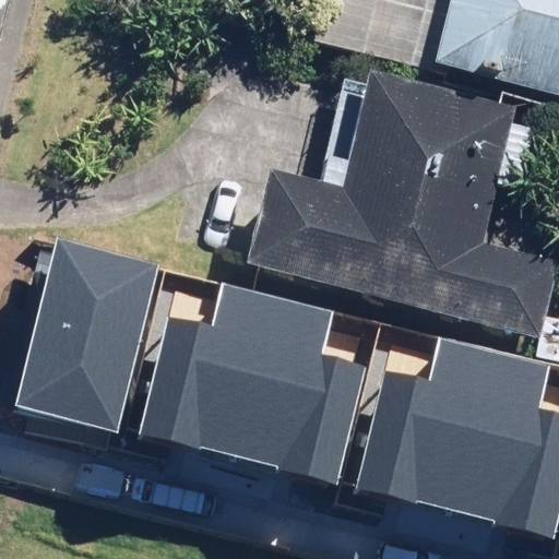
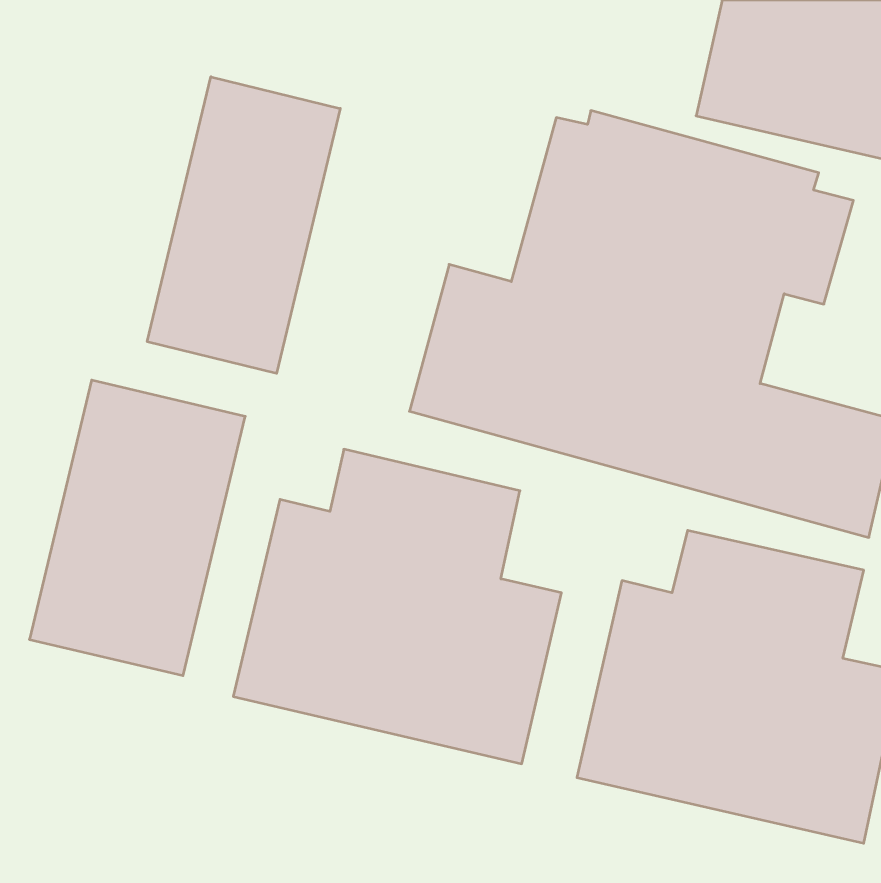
building: none -> [147,77,340,373]

